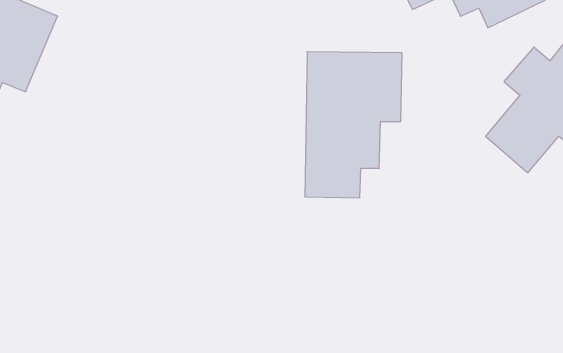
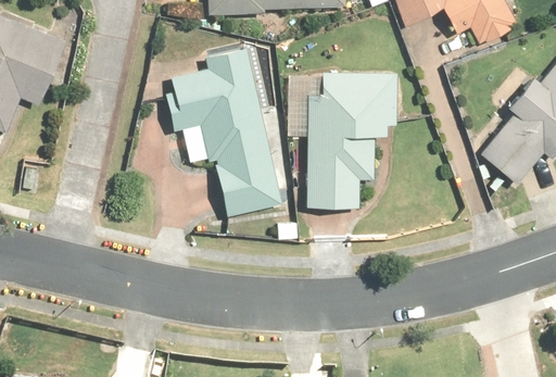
building: none -> [161,42,285,217]

